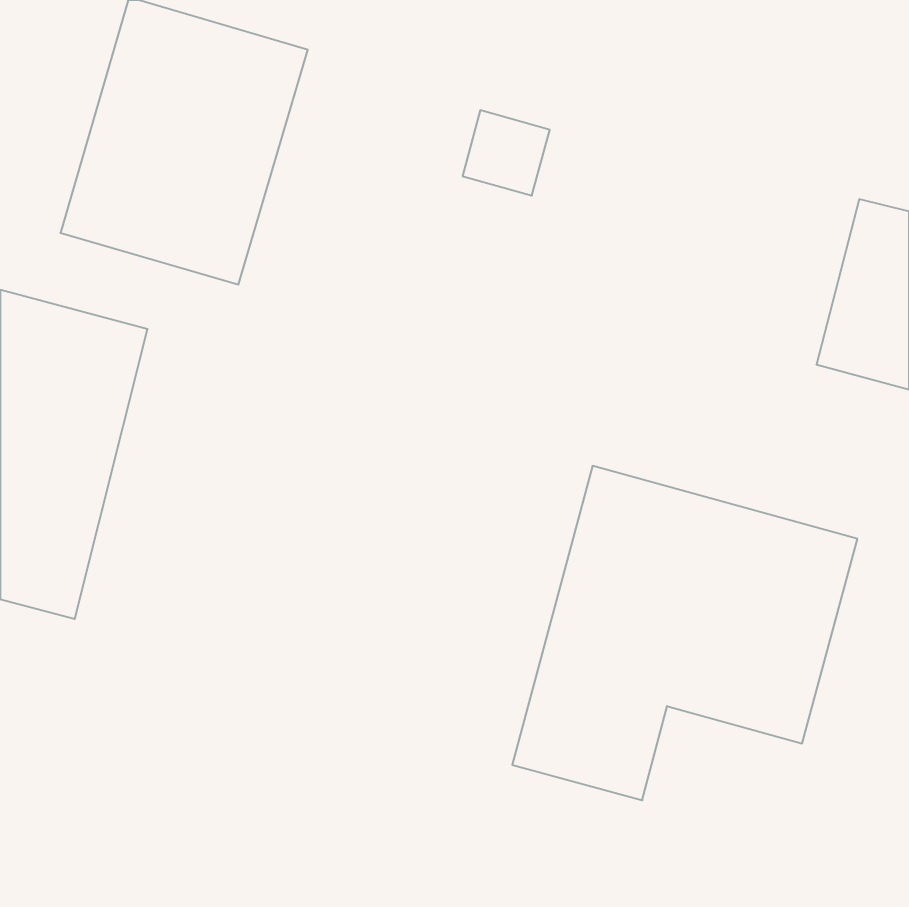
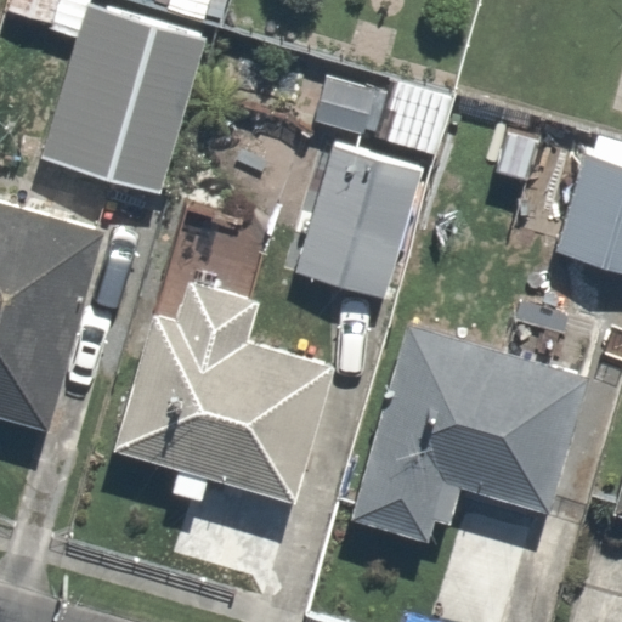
building: none -> [292,143,424,305]
building: none -> [114,283,337,507]

